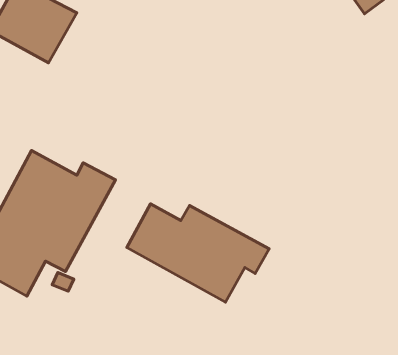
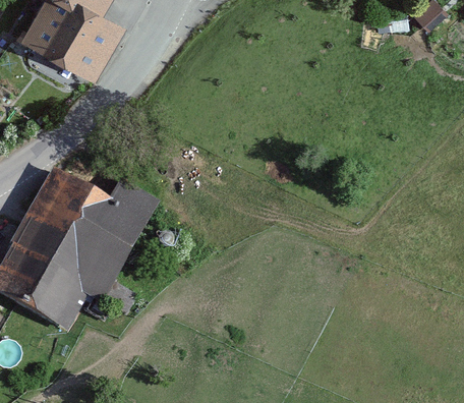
building: [127,204,269,302] -> none

